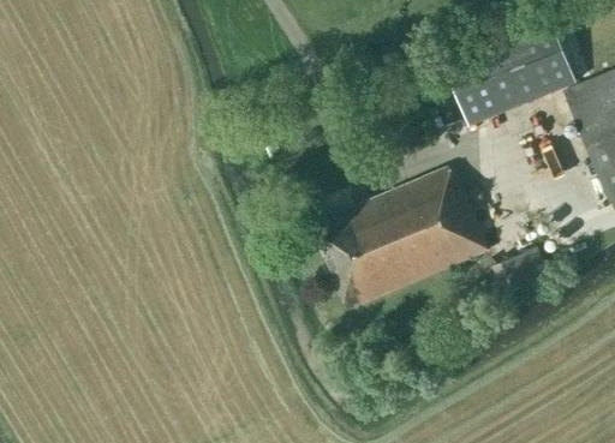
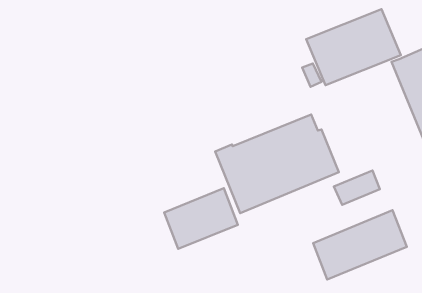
building: none -> [164,188,238,249]
building: none -> [313,210,407,280]

